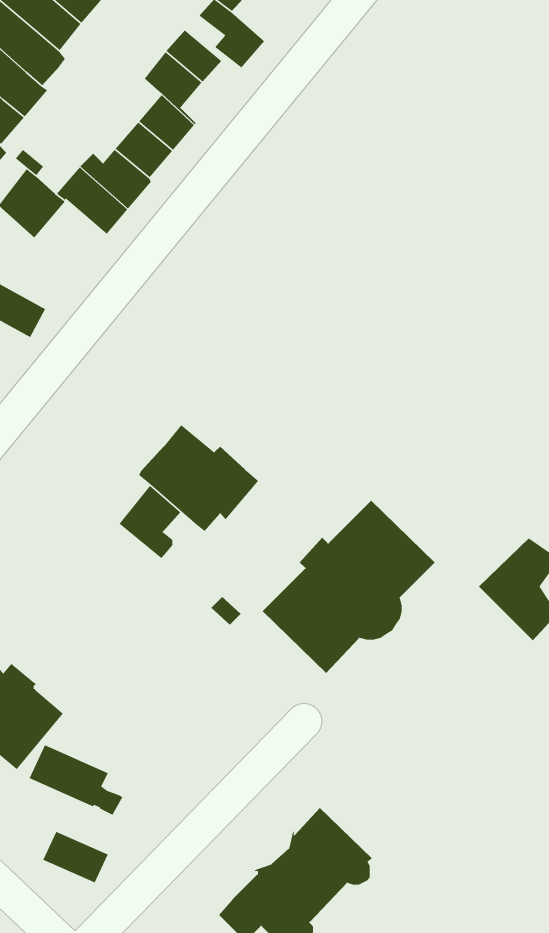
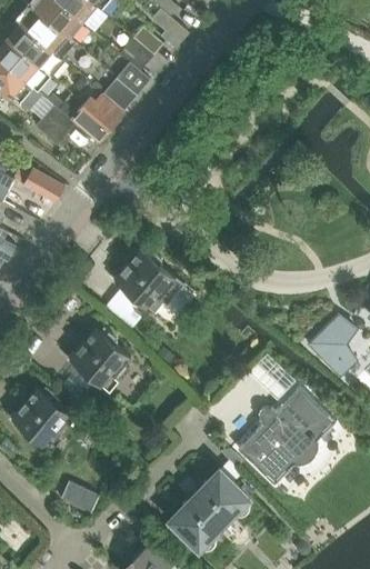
building: [262,500,436,674] -> [237,386,336,485]
building: none -> [71,330,133,388]
building: [29,744,123,816] -> none

